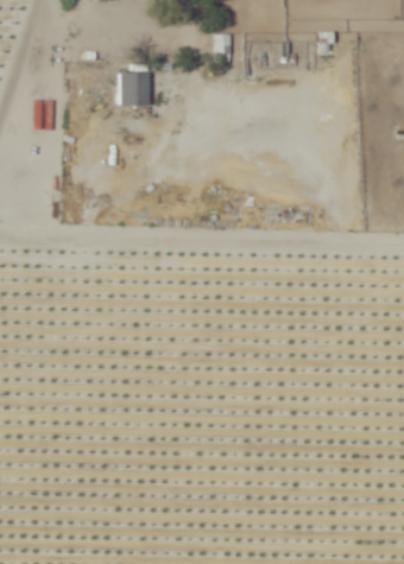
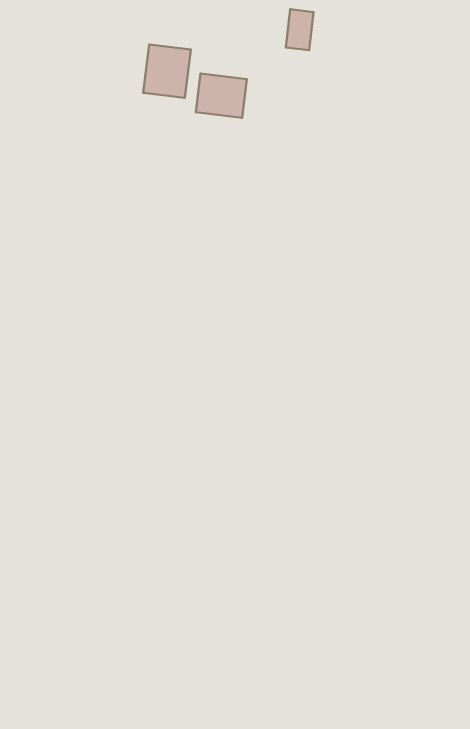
building: none -> [196,73,247,118]

